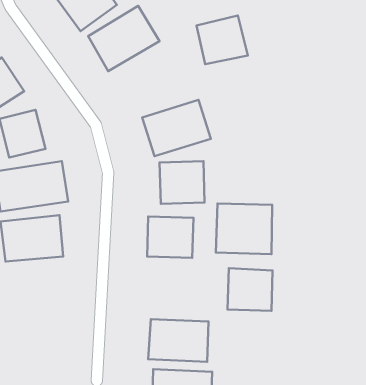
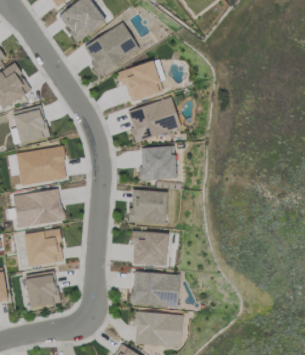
building: [196,15,248,64] -> [121,61,162,100]
building: [216,204,272,254] -> none
building: none -> [24,229,63,265]
building: [228,268,273,311] -> [132,231,168,265]
building: none -> [25,270,60,307]

